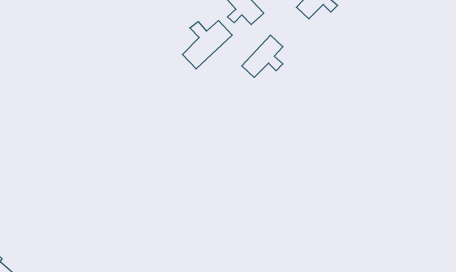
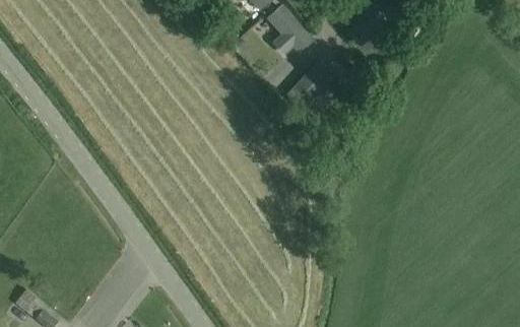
building: [182,21,232,69] -> none

